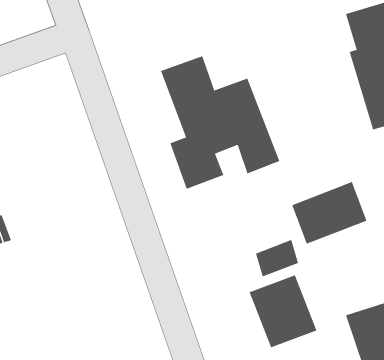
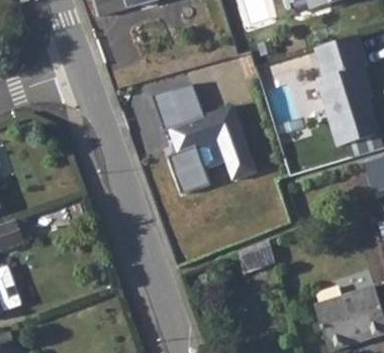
building: [292,181,367,245] -> none
building: [249,274,317,348] -> none

